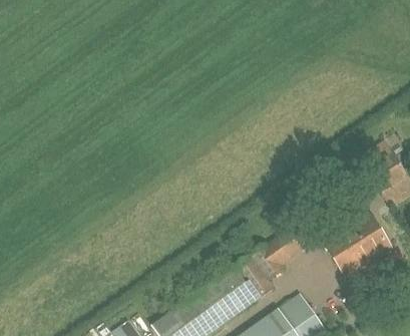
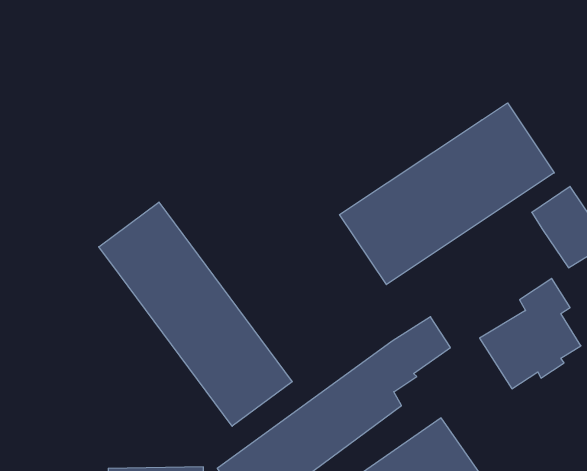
building: none -> [340,103,554,285]
building: none -> [99,202,292,426]

